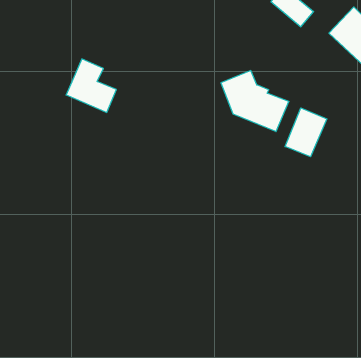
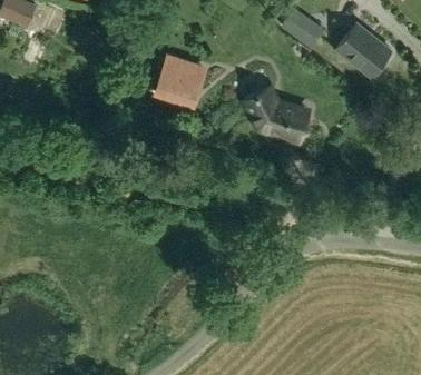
building: [66,59,116,112] -> [156,59,200,105]
building: [285,108,327,157] -> none

